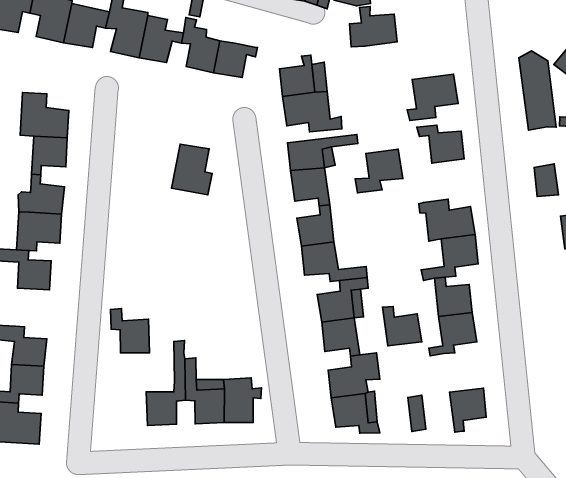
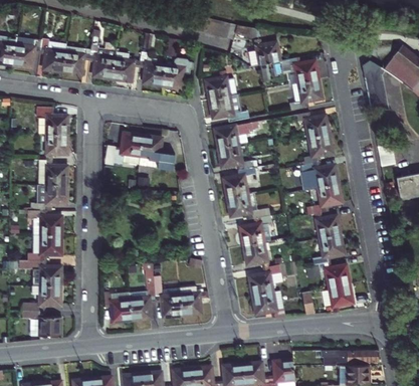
building: none -> [281,56,319,83]
building: none -> [113,132,142,164]
building: [355,149,403,193] -> [301,134,333,164]
building: none -> [40,235,61,260]
building: [382,306,422,346] -> [323,261,350,287]
building: [111,308,150,353] -> [103,293,131,322]

